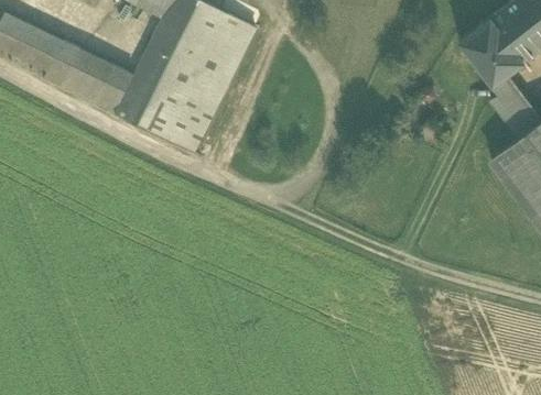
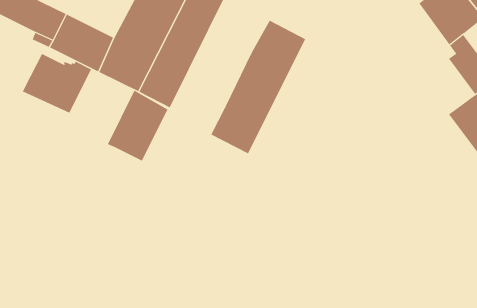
building: none -> [211,20,306,154]
building: none -> [22,53,92,114]
building: none -> [107,90,168,161]

